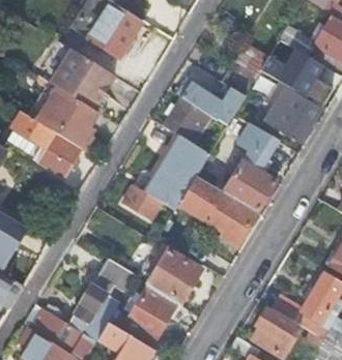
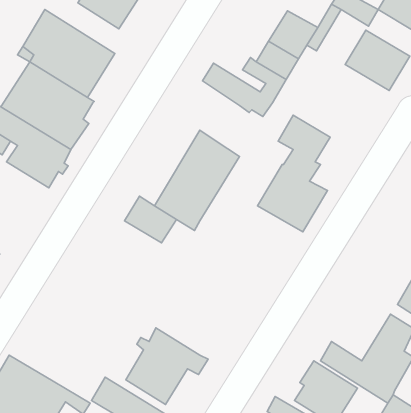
building: [266,89,321,142] -> none
building: [164,98,209,144] -> none
building: [179,177,257,246] -> none
building: [146,245,201,305] -> none
building: [68,259,137,341] -> none

